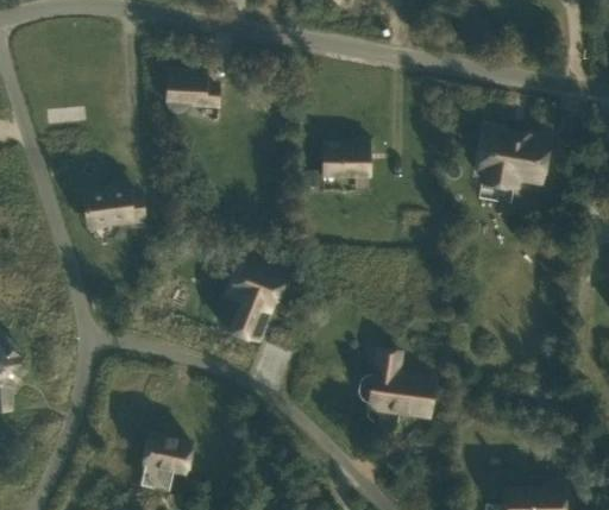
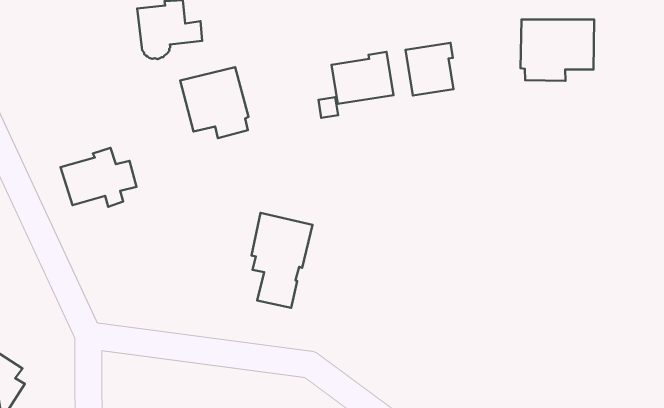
building: none -> [180,67,248,138]
building: none -> [406,43,453,95]
building: [359,351,435,418] -> none

